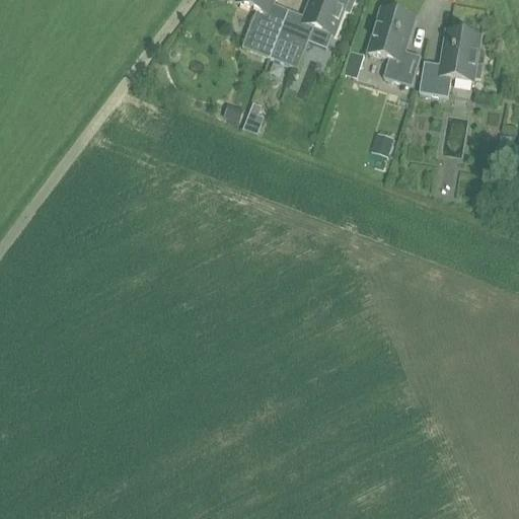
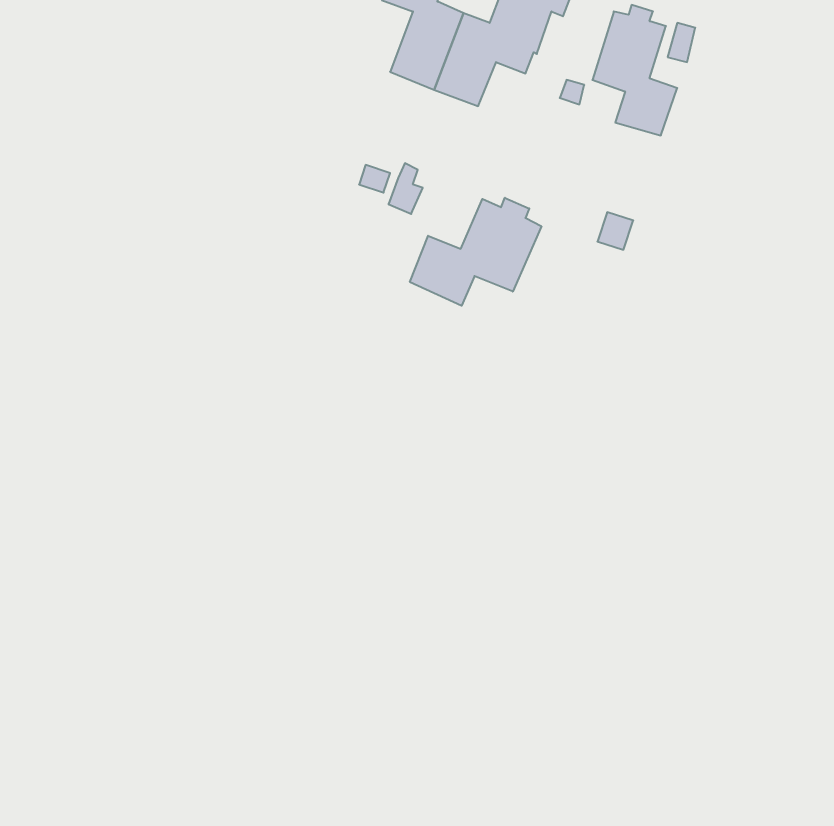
building: [419,29,481,95] -> none
building: none -> [410,198,541,306]

